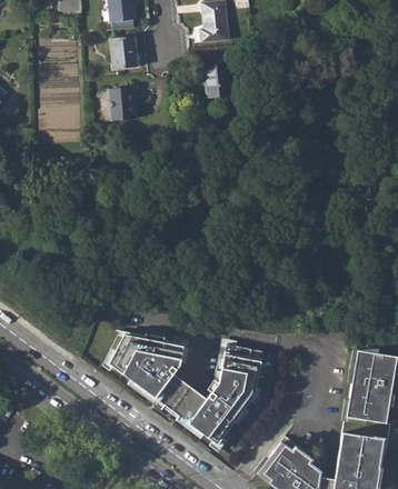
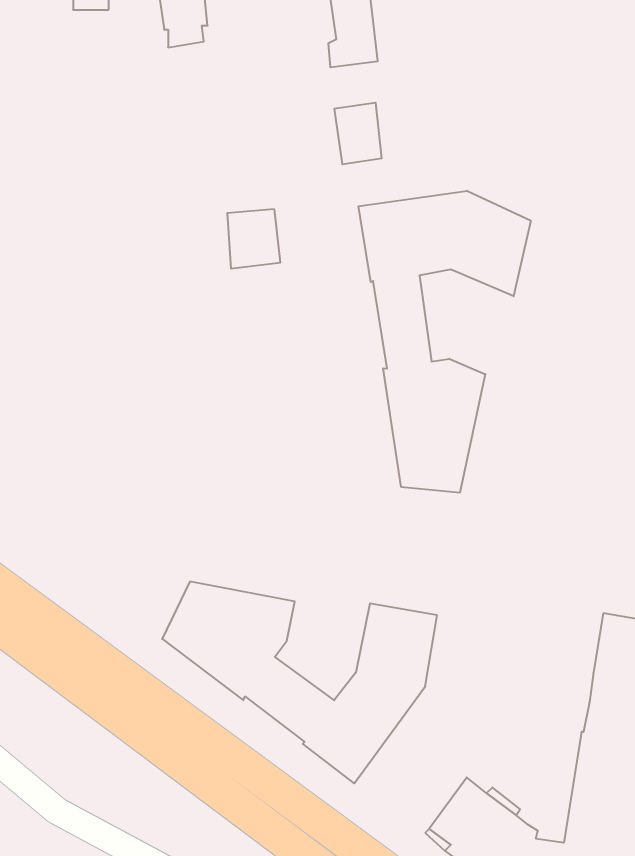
building: [110,39,138,72] -> none
building: [106,90,136,123] -> [227,209,280,269]
building: none -> [359,191,531,493]

